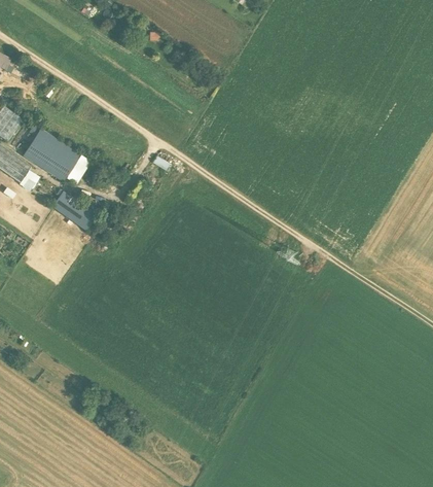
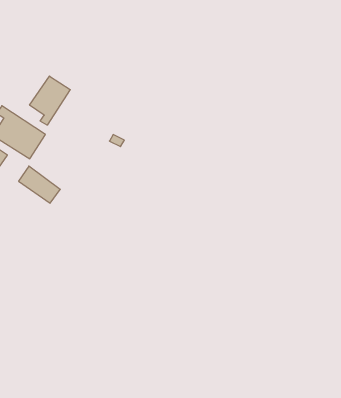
building: none -> [30,76,70,125]

